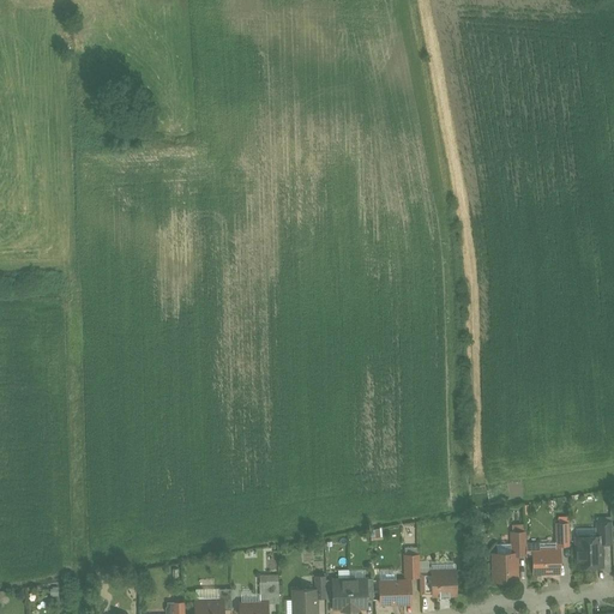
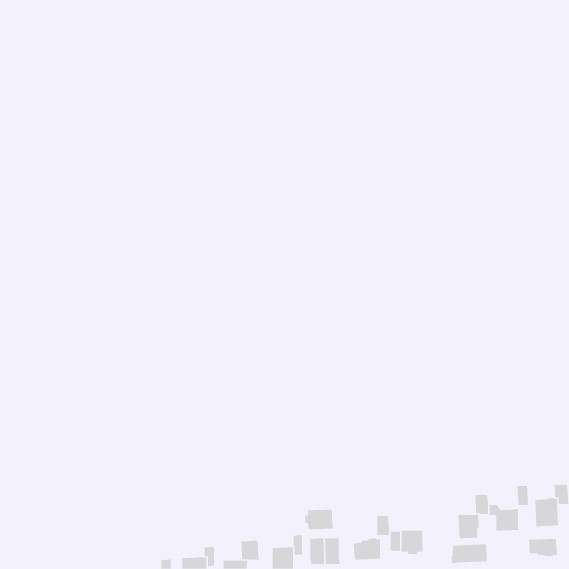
building: none -> [305,509,333,530]
building: none -> [529,538,558,557]
building: none -> [451,543,487,564]

